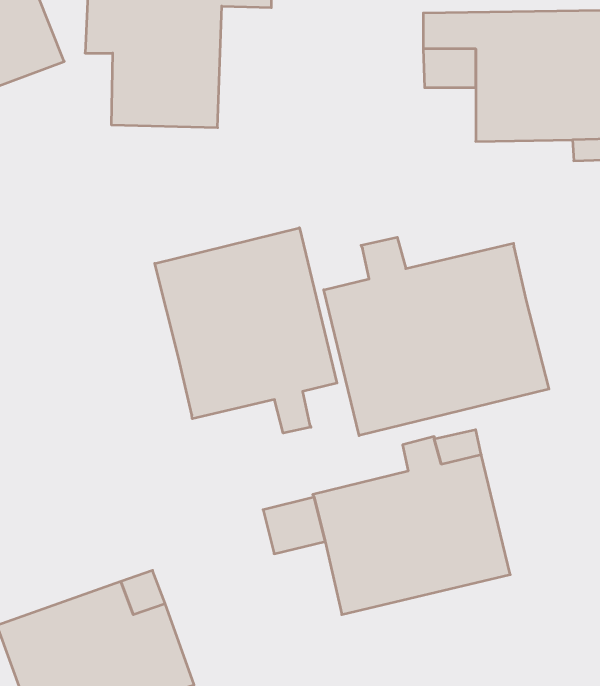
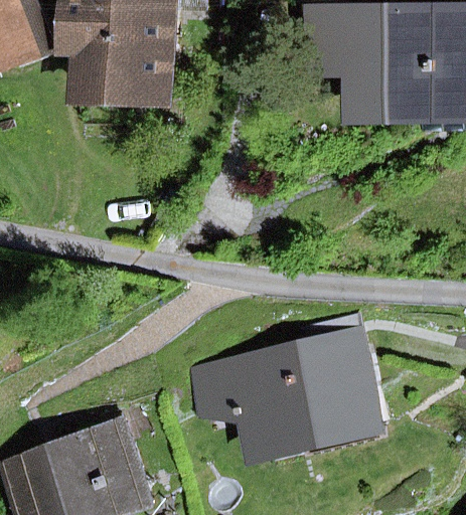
building: [155,228,337,433] -> none
building: [324,237,549,436] -> none

